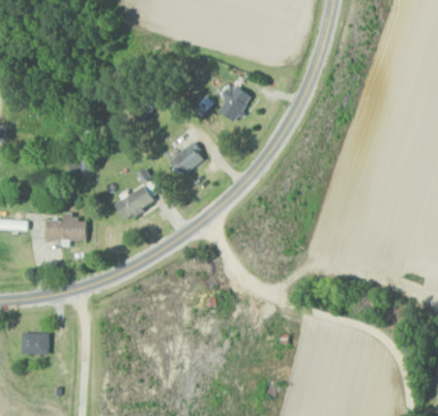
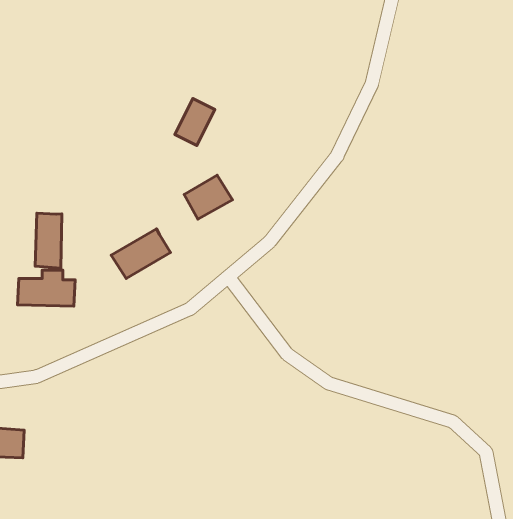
building: [220,86,250,121] -> [175,99,215,145]
building: none -> [35,213,62,268]

